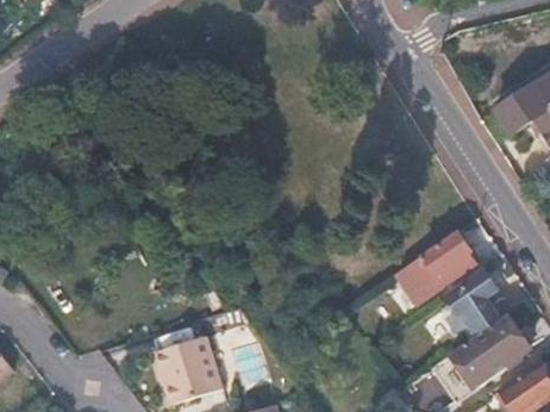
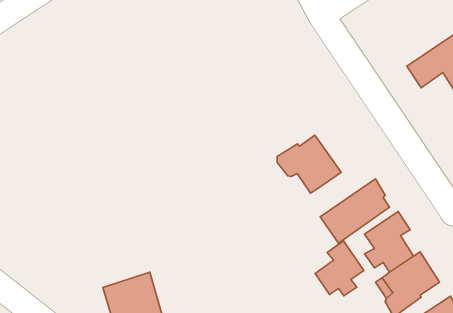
building: none -> [277,135,341,193]
building: none -> [315,241,364,296]

